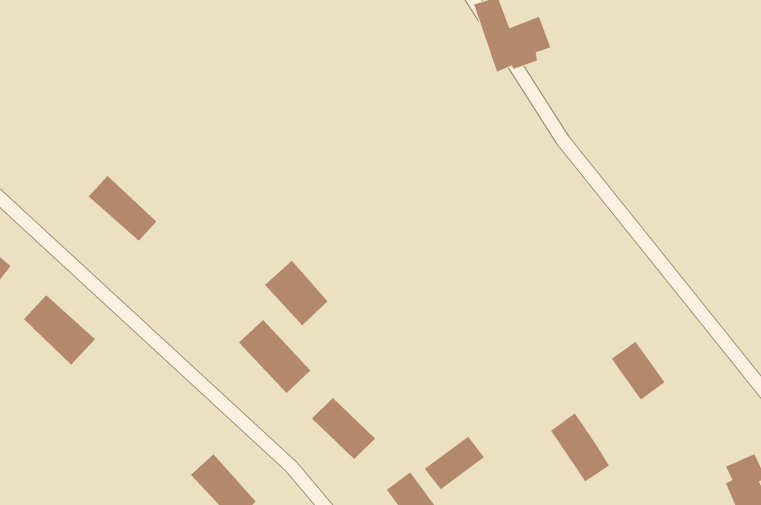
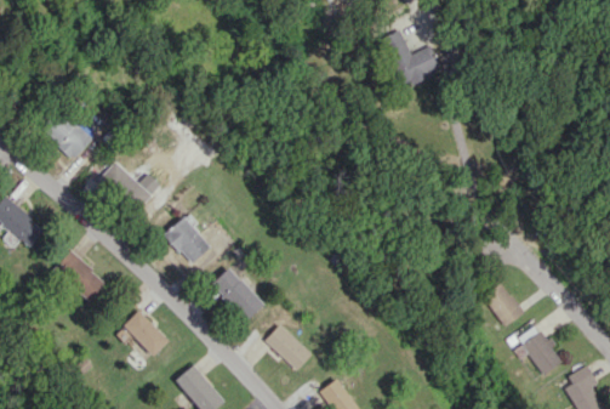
building: none -> [45,112,92,160]
building: [264,260,329,326] -> [164,216,211,265]
building: none -> [124,309,170,356]
building: [550,413,610,482] -> [519,324,563,375]
building: [424,436,485,490] -> none

